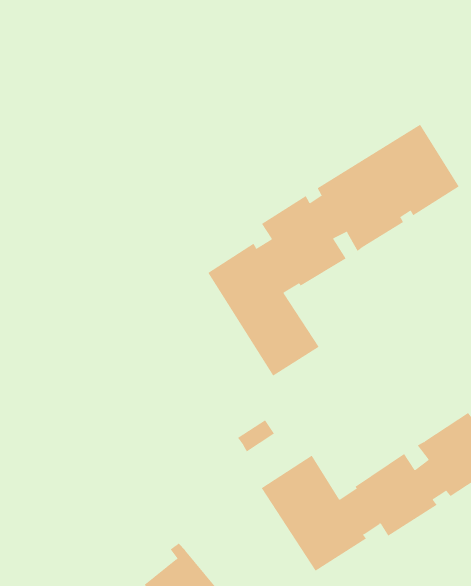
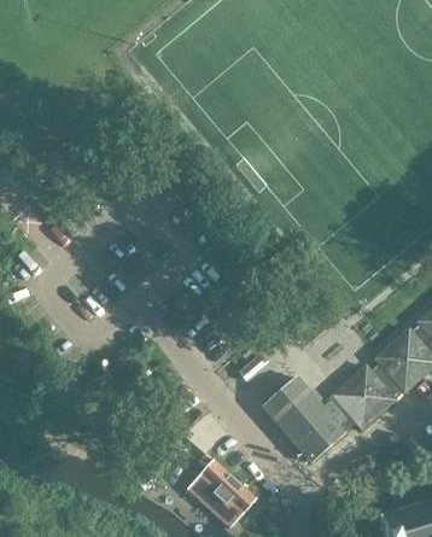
building: [207,124,459,377] -> none

